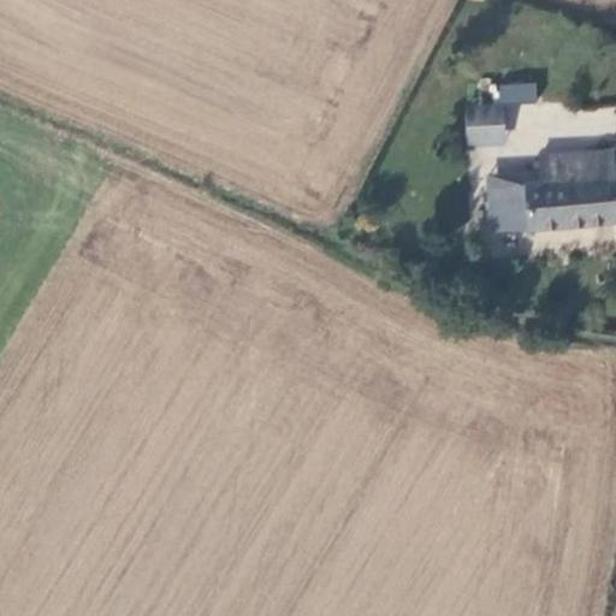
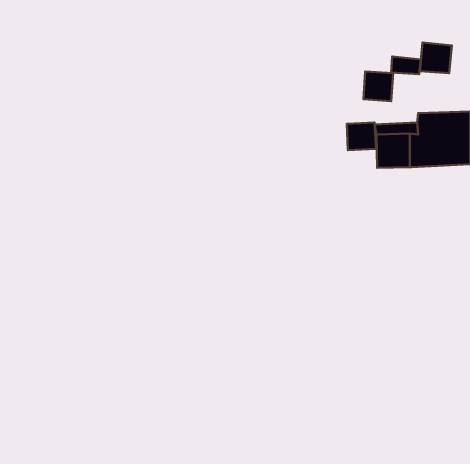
building: none -> [420,43,452,73]
building: none -> [347,123,376,150]

